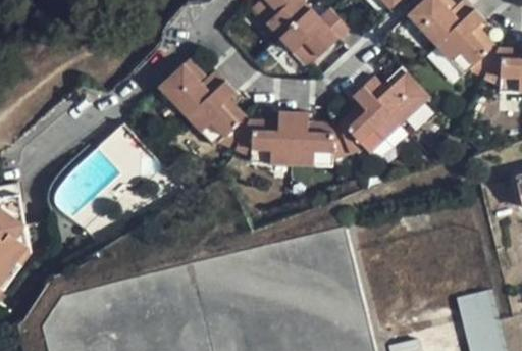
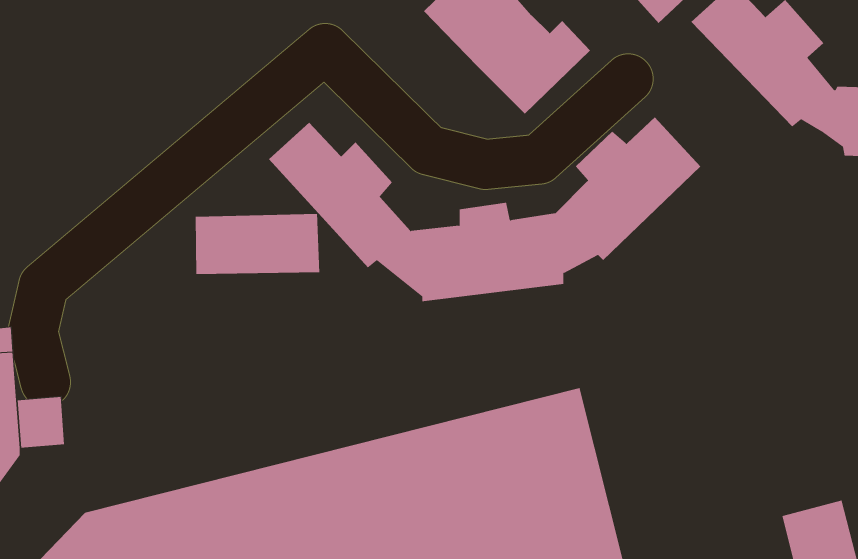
building: none -> [195,213,320,275]

